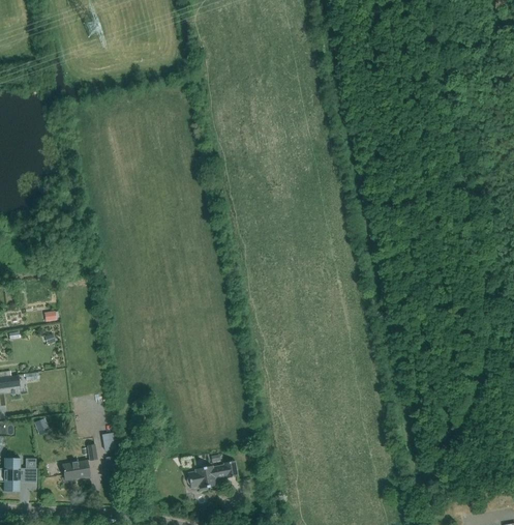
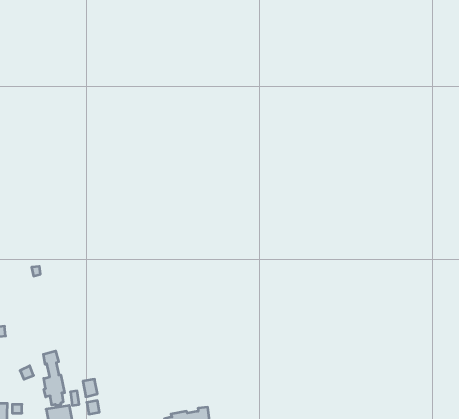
building: none -> [43,351,65,406]

